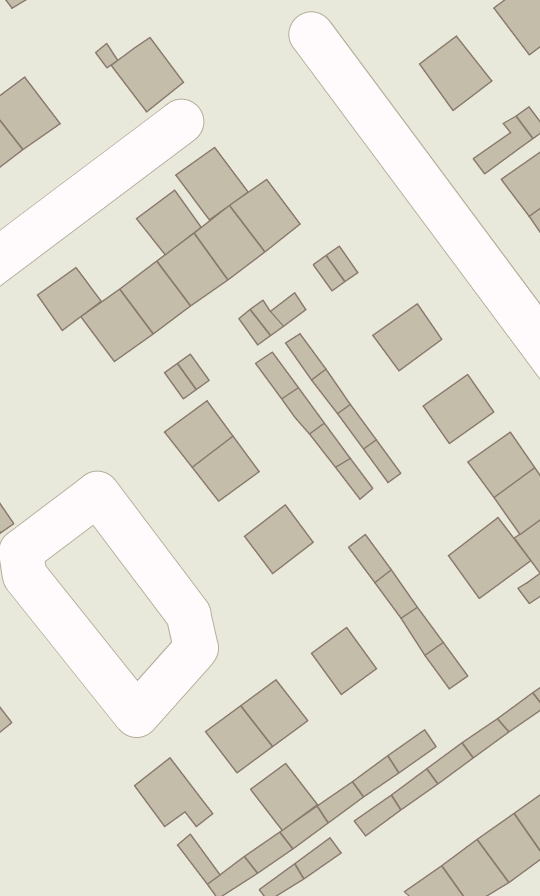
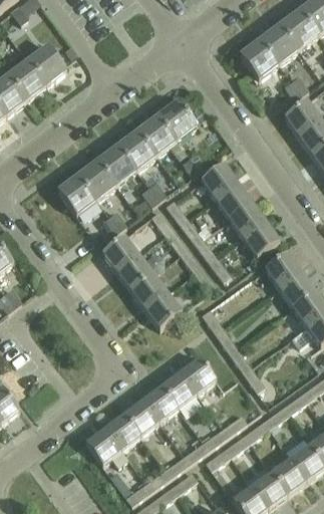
building: none -> [259,23,298,62]
building: [111,38,184,112] -> [26,45,65,85]
building: [176,147,248,220] -> [156,100,196,140]
building: [136,190,201,255] -> none
building: [37,268,101,331] -> none
building: none -> [200,164,238,200]
building: none -> [228,202,265,238]
building: none -> [130,273,167,308]
building: [448,517,531,598] -> none
building: none -> [161,371,197,408]
building: [251,764,318,830] -> [104,414,140,450]

